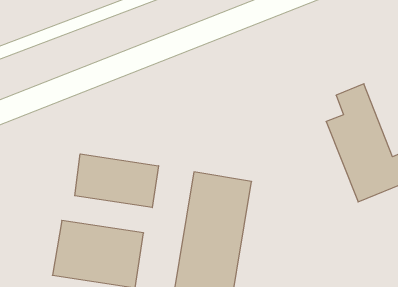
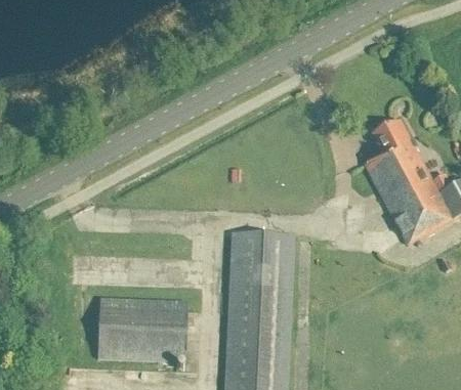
building: [75,154,159,208] -> none

